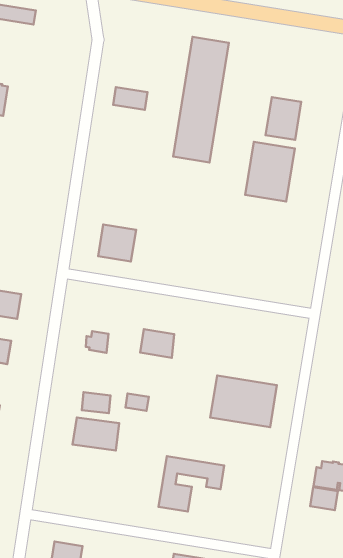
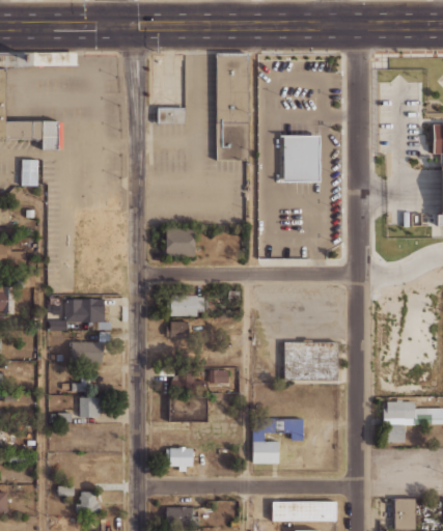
building: [266,97,301,140] -> none
building: [140,329,174,358] -> [171,296,199,316]
building: none -> [166,448,194,472]

